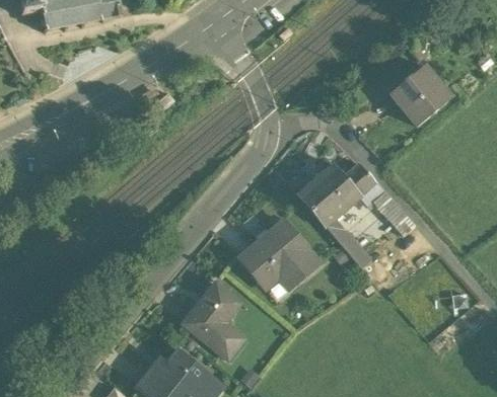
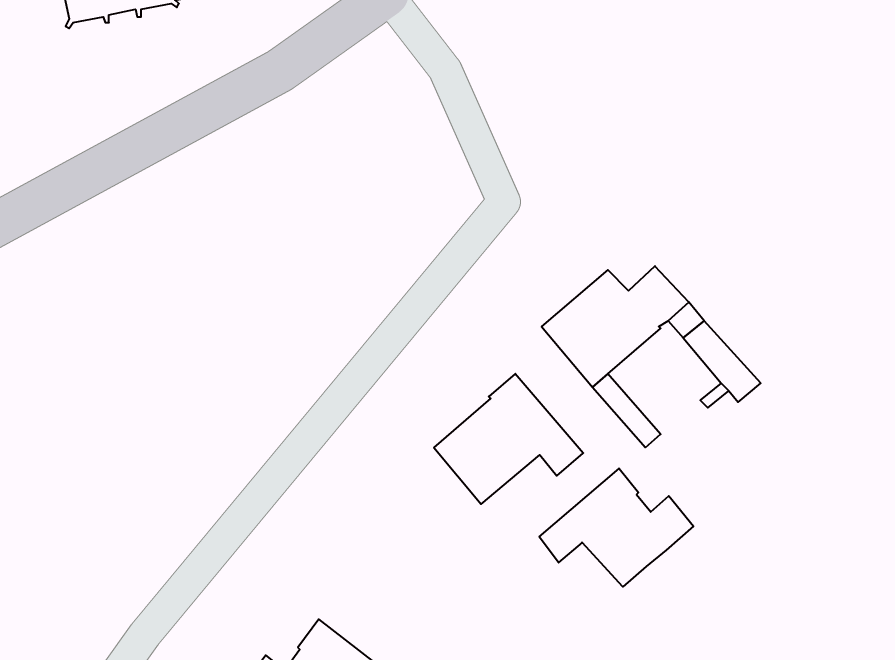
building: [392,65,451,126] -> none
building: none -> [539,468,693,587]
building: [184,283,241,359] -> none

